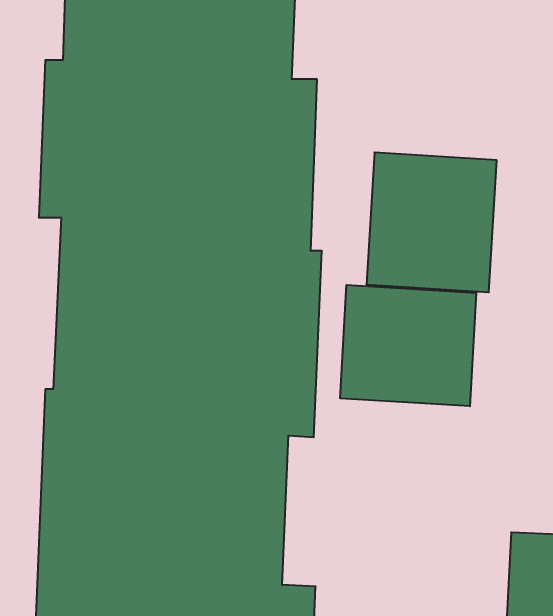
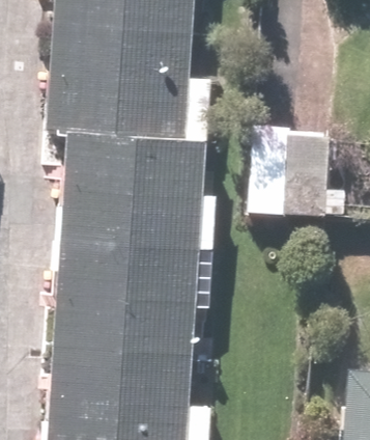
building: [340,285,476,406] -> none

